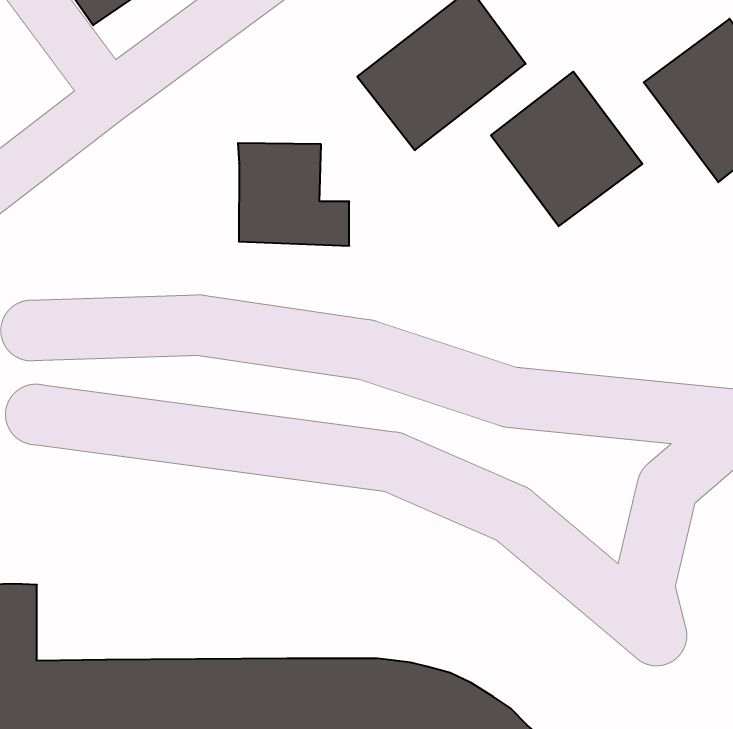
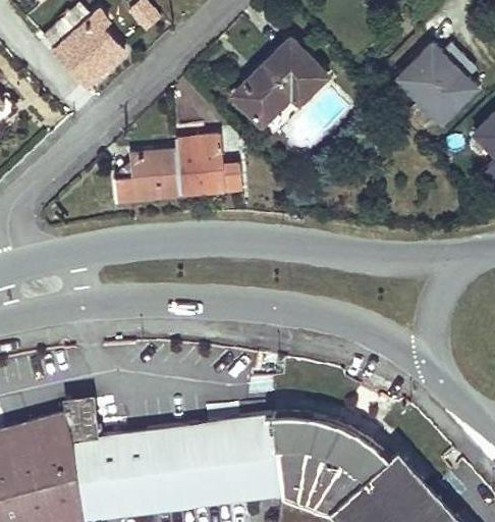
building: [491,72,642,226] -> none
building: none -> [114,152,180,201]

